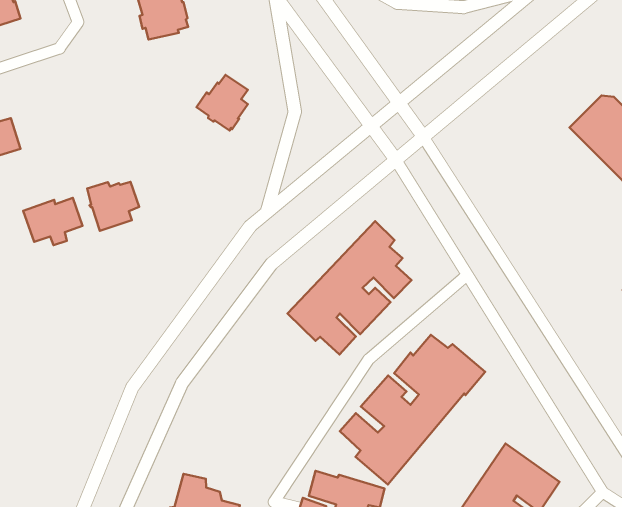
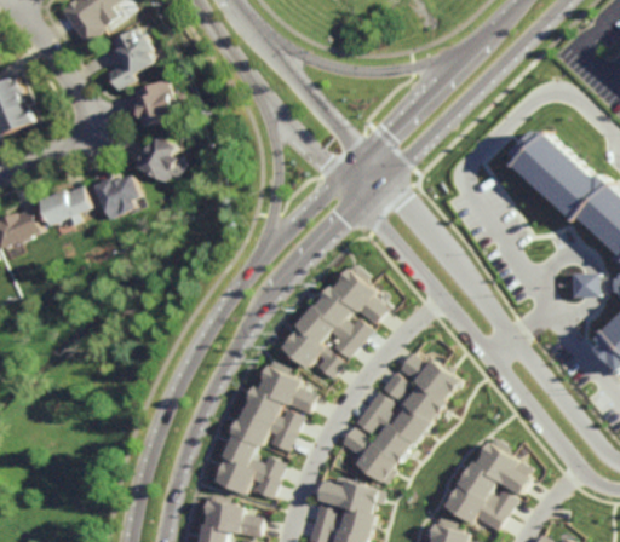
building: [196,75,248,130] -> [131,136,174,183]
building: [87,182,139,231] -> [91,175,137,220]
building: [23,198,83,245] -> [36,185,88,227]
building: none -> [217,361,317,498]

